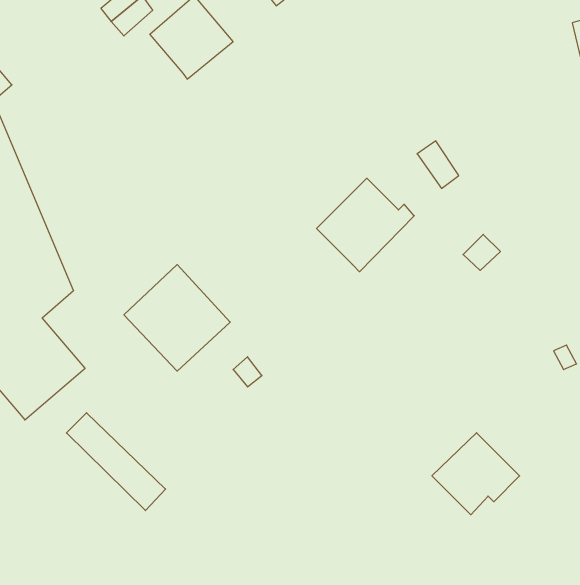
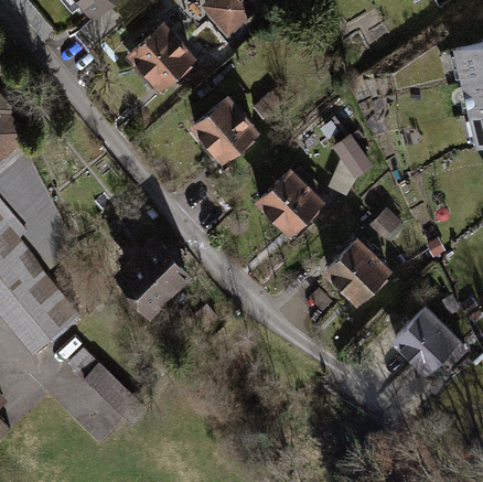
building: none -> [191,97,256,162]
building: none -> [323,239,391,307]
building: [432,433,520,515] -> [388,309,455,372]

